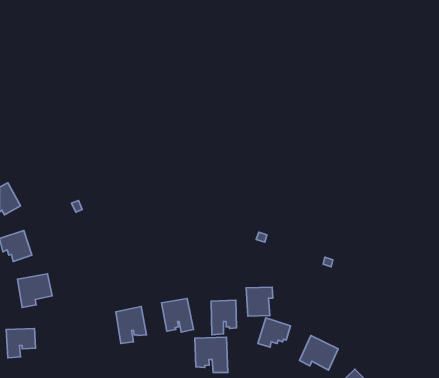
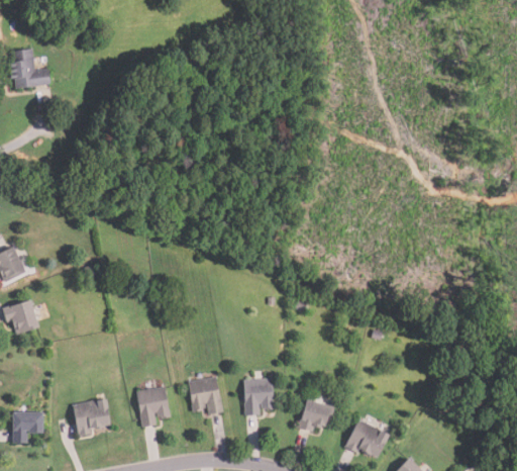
building: none -> [7,50,51,91]
building: [18,274,52,307] -> [72,398,111,437]
building: [246,287,273,316] -> none
building: [195,337,228,373] -> none

